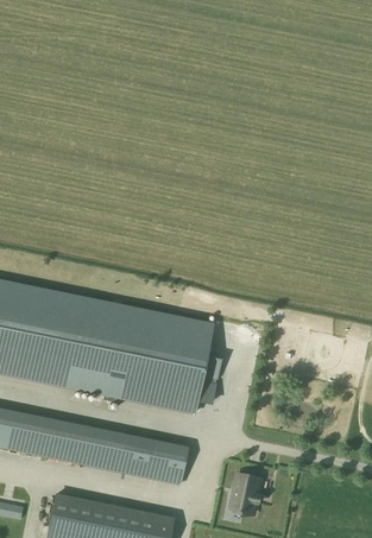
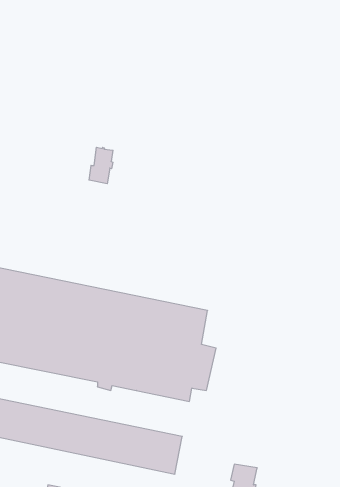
building: none -> [89,147,113,184]

